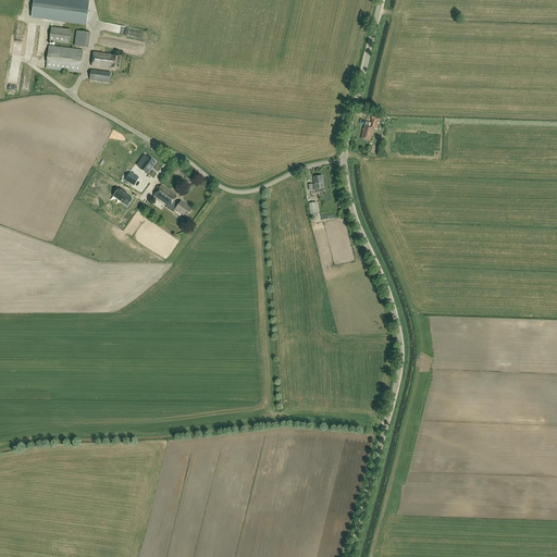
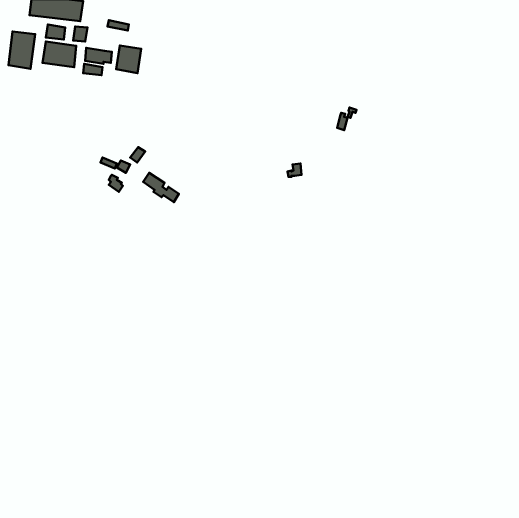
building: none -> [8,31,35,69]
building: none -> [116,46,141,73]

